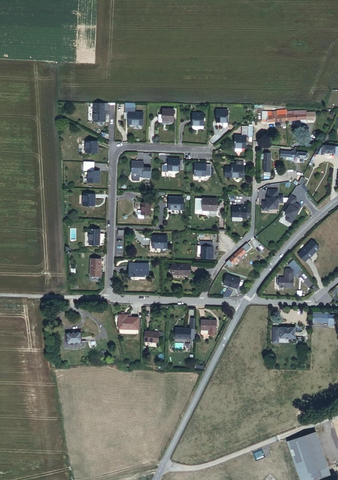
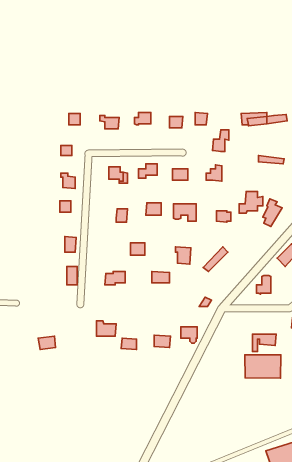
building: none -> [245,355,281,378]

